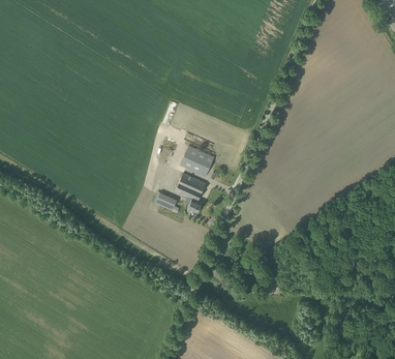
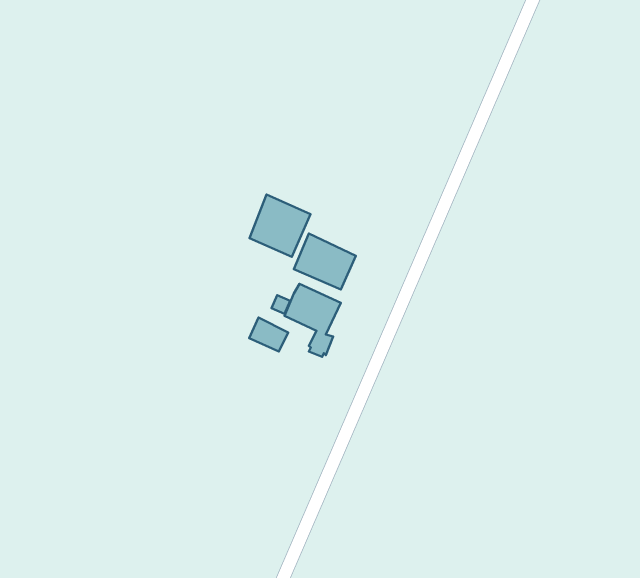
building: none -> [250,194,310,257]

